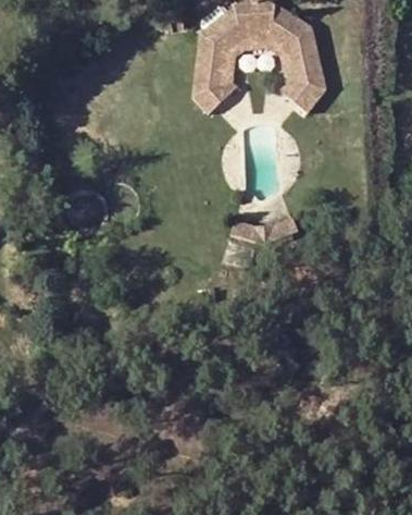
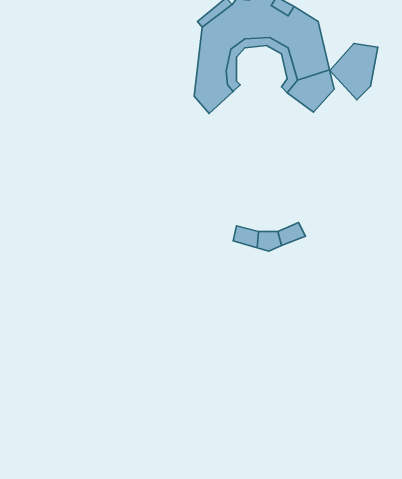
building: none -> [330,44,378,100]

